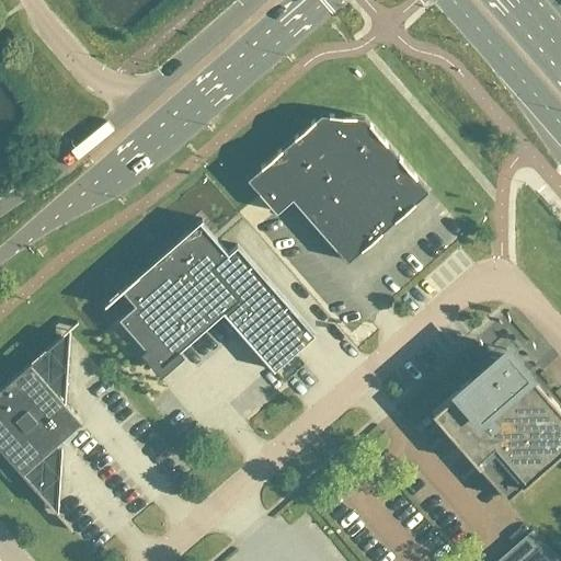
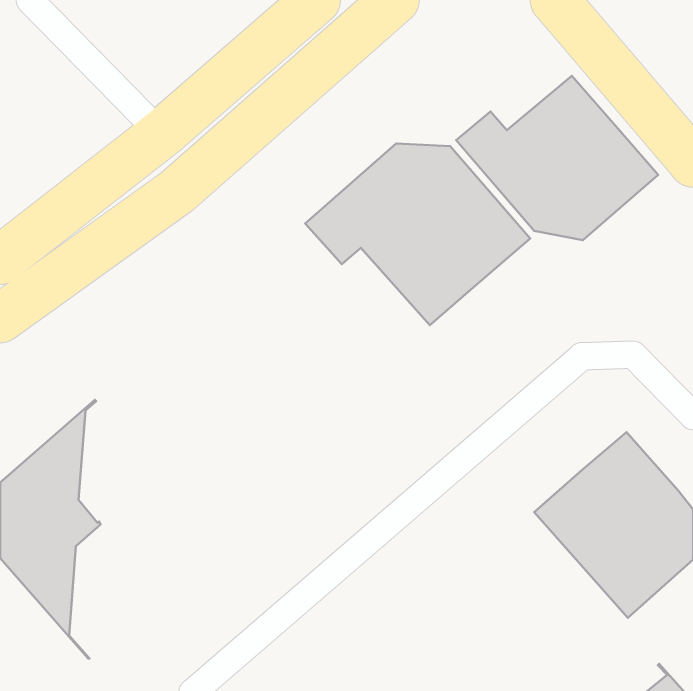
building: none -> [456,76,658,240]
building: [117,221,314,374] -> none

